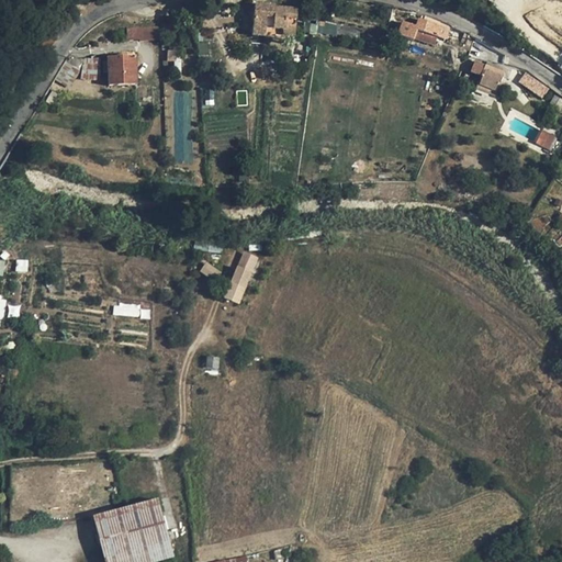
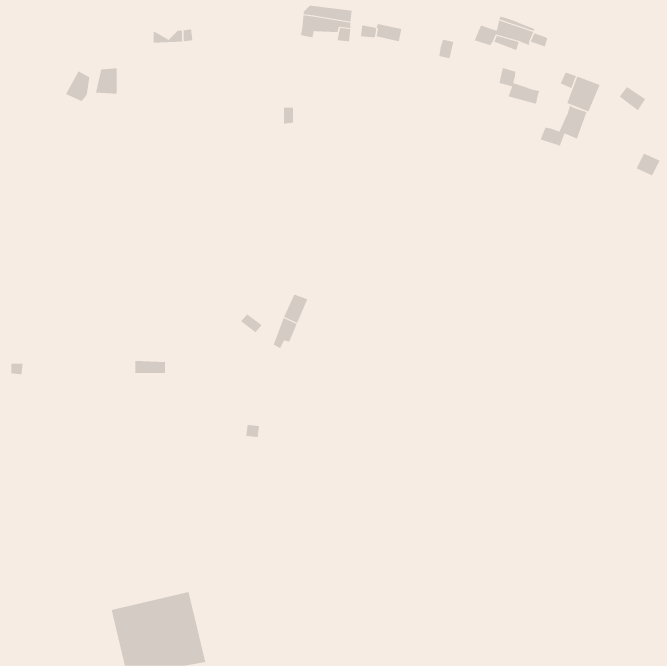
building: [103,56,136,85] -> none
building: none -> [499,67,541,105]
building: none -> [540,105,587,146]

